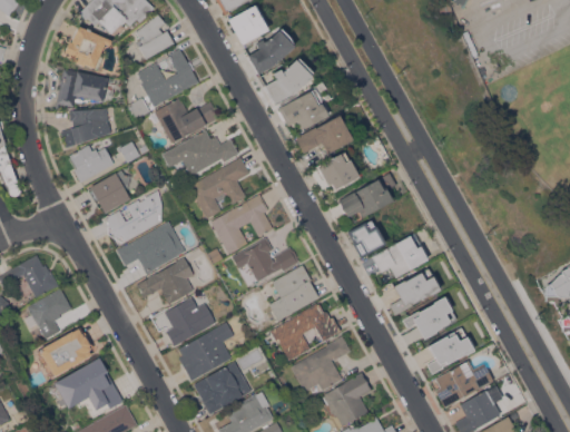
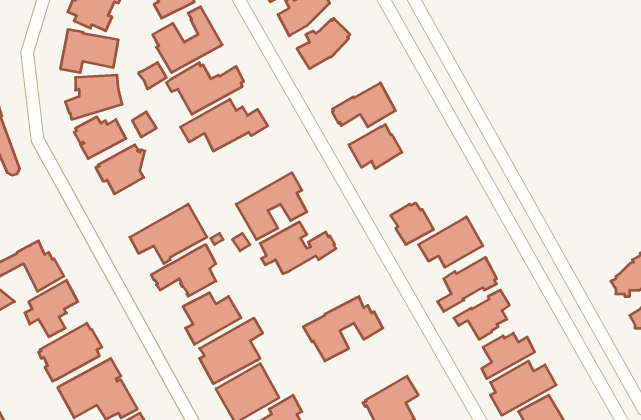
building: [277,89,326,130] -> none
building: [188,158,249,219] -> none
building: [337,174,395,218] -> none
building: [107,190,161,242] -> none
building: [268,265,318,322] -> none
building: [291,337,351,392] -> none

